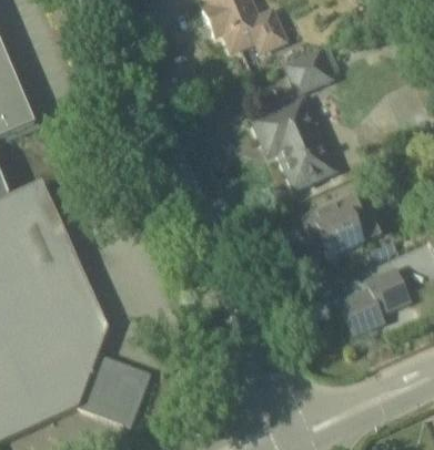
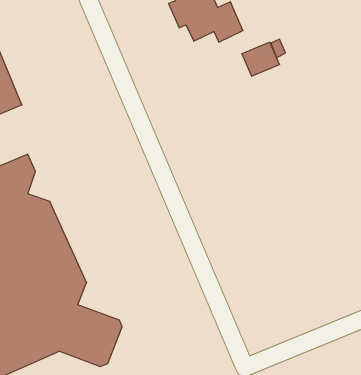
building: [253,98,333,185] -> none
building: [301,192,382,254] -> none
building: [337,264,410,334] -> none

